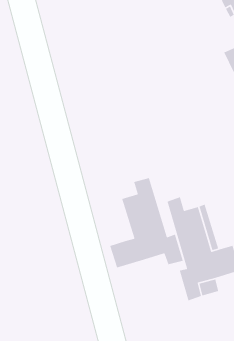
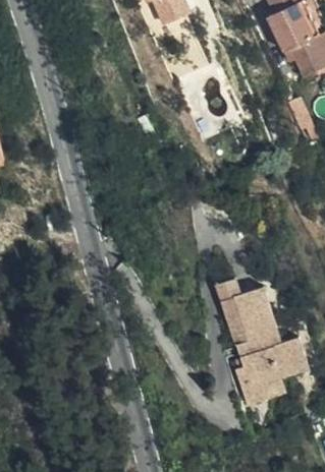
building: [109,177,184,268] -> none

